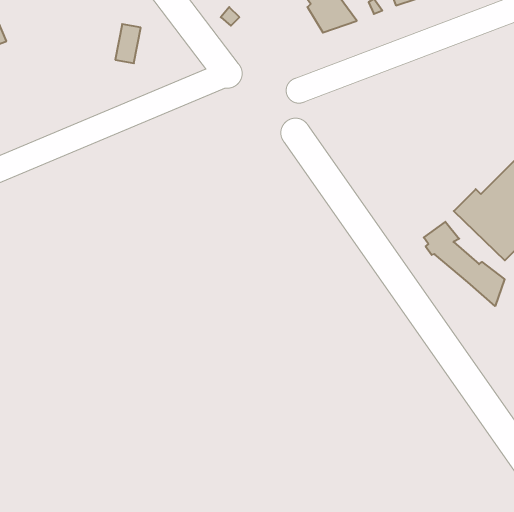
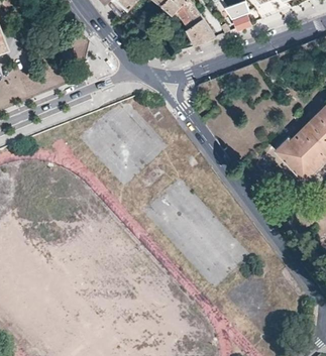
building: [424,222,505,306] -> none

